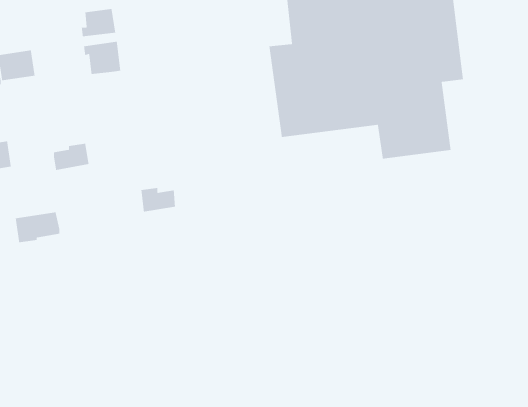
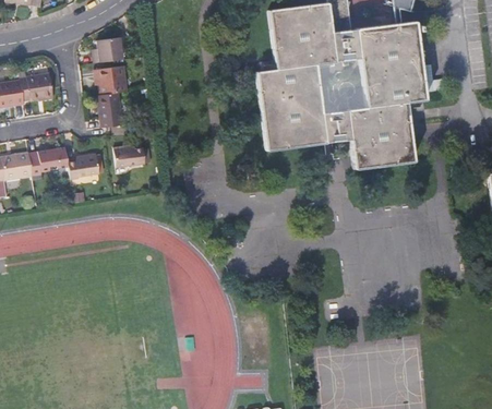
building: none -> [98,94,124,129]
building: [141,187,176,212] -> [108,147,139,169]
building: [15,212,60,243] -> [29,147,69,175]

